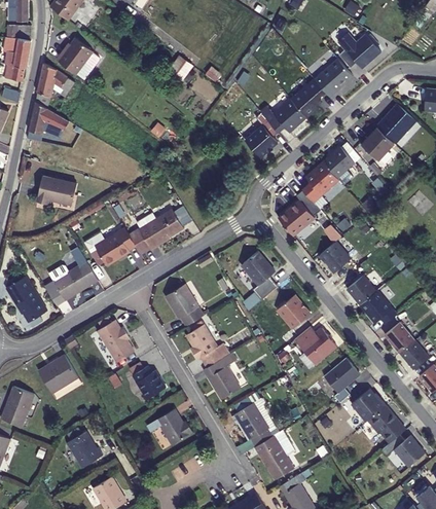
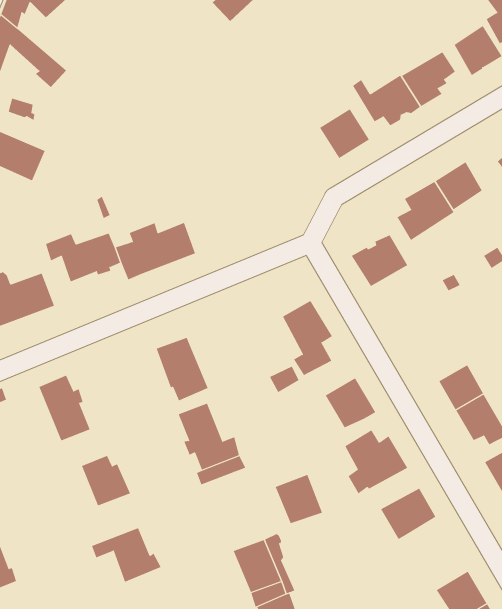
building: [319,241,351,272] -> none
building: [208,365,241,398] -> [275,474,323,524]
building: [350,387,385,420] -> none

